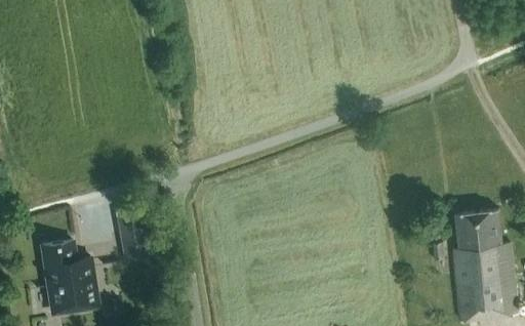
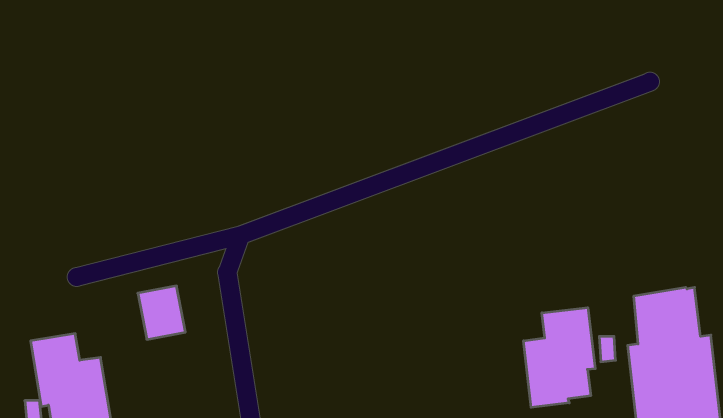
building: none -> [524,308,595,407]

